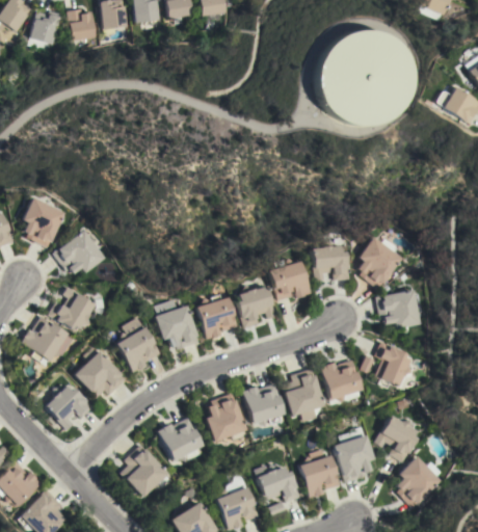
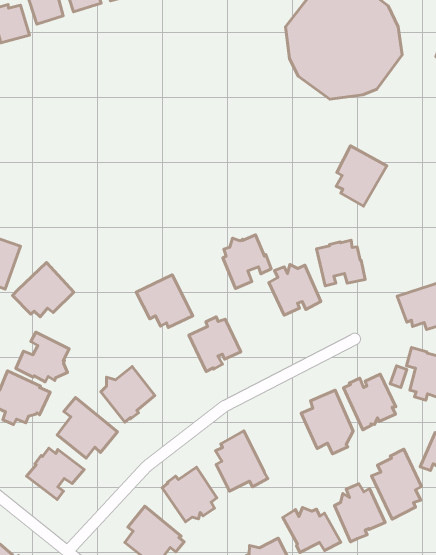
building: [357,237,402,289] -> [336,146,387,206]
building: [237,286,276,328] -> [223,235,271,288]
building: [155,305,200,349] -> [136,275,193,328]
building: [241,383,283,426] -> none

